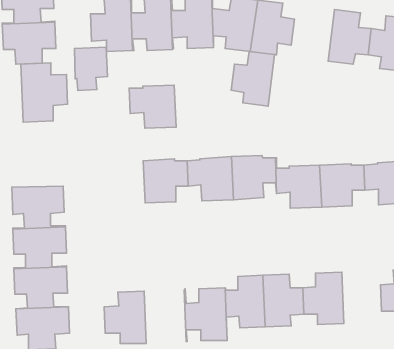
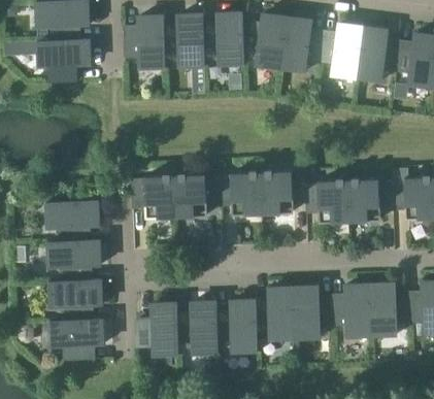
building: [75,47,108,91] -> none
building: [231,51,274,106] -> [321,25,363,78]
building: [21,63,68,122] -> none
building: [129,85,176,128] -> [131,176,177,219]
building: none -> [370,285,409,336]
building: none -> [176,303,218,356]

